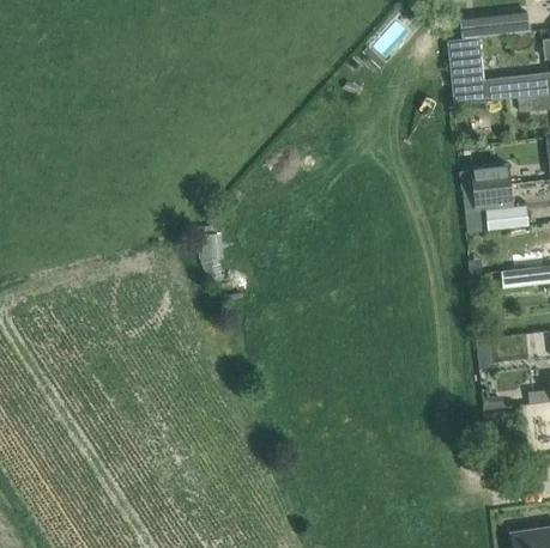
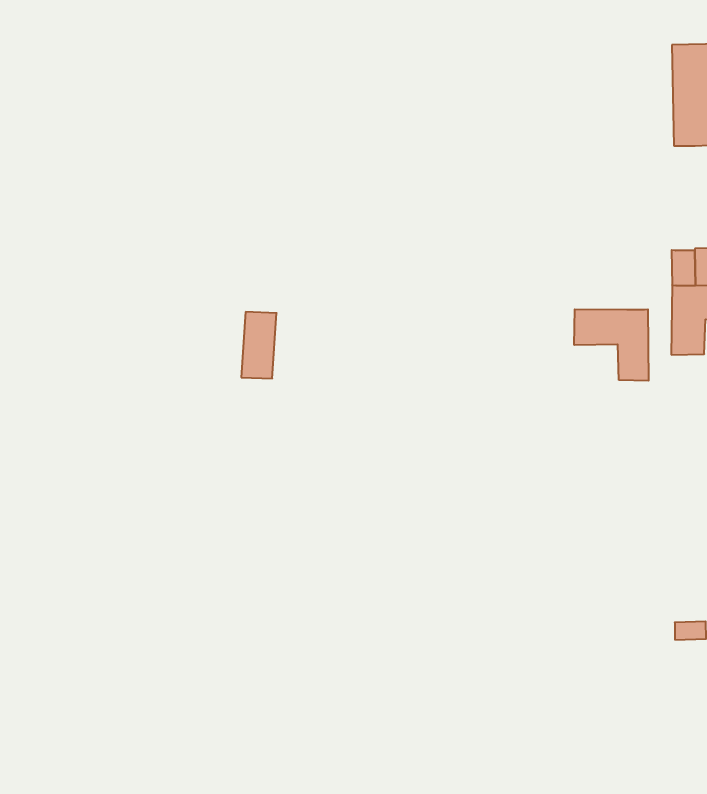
building: none -> [574,309,649,381]

